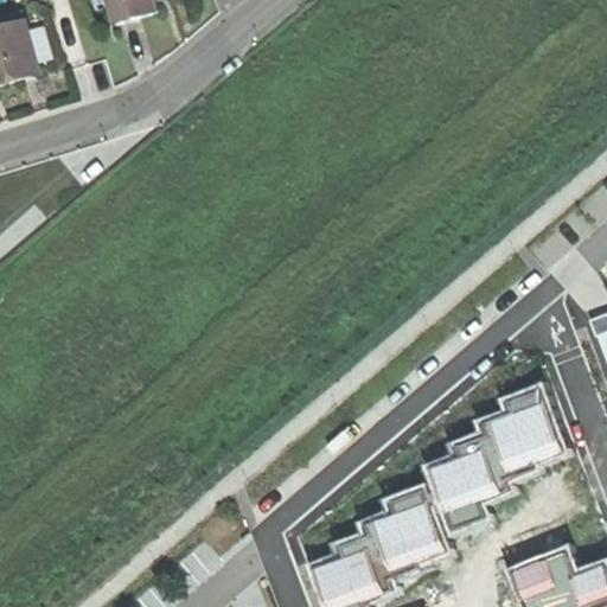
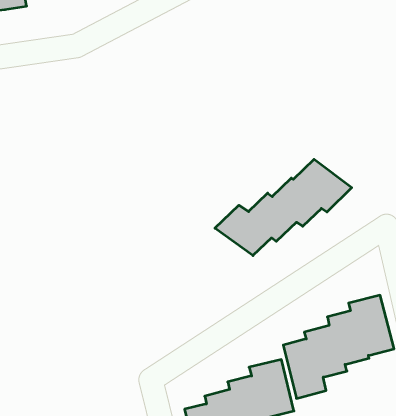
building: none -> [215,159,352,256]

